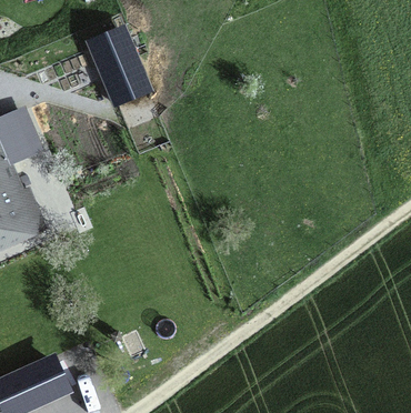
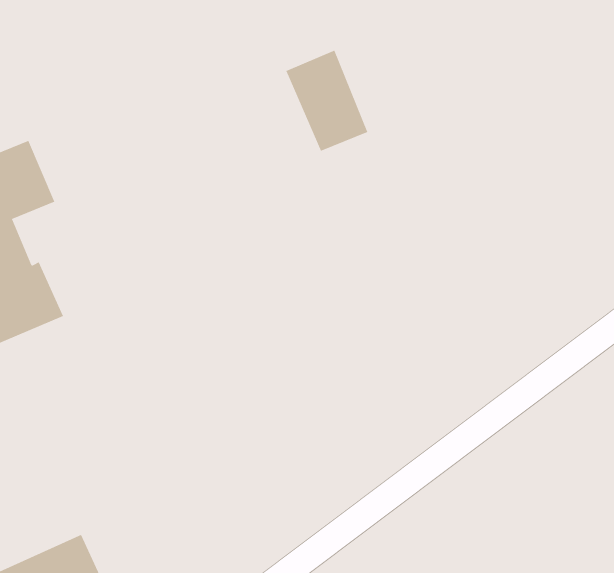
building: [94,36,147,100] -> [286,50,368,152]

